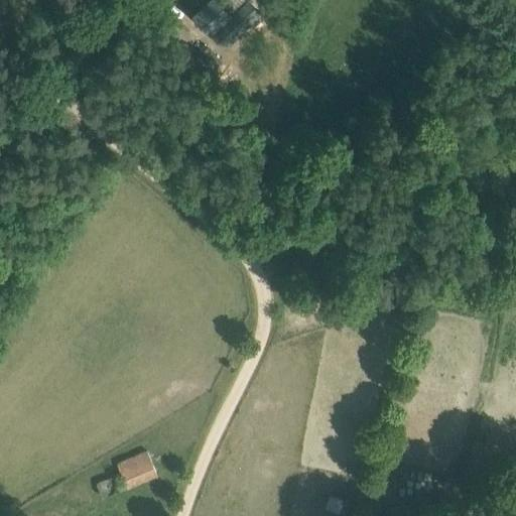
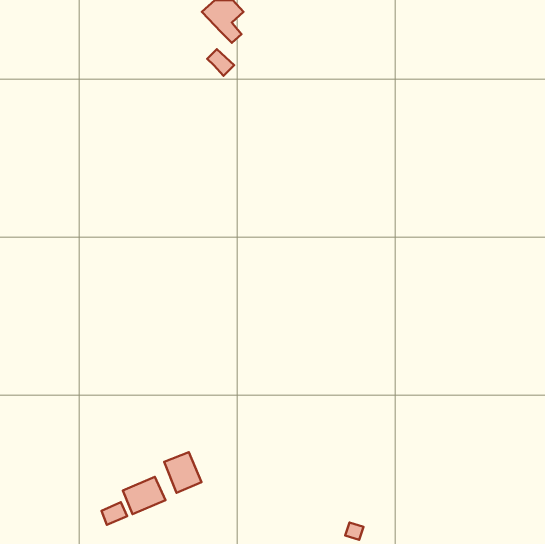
building: none -> [164,452,202,493]

